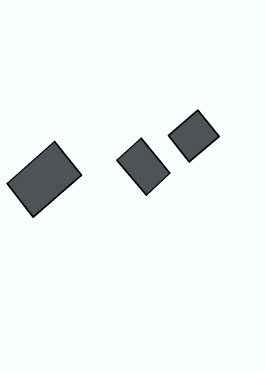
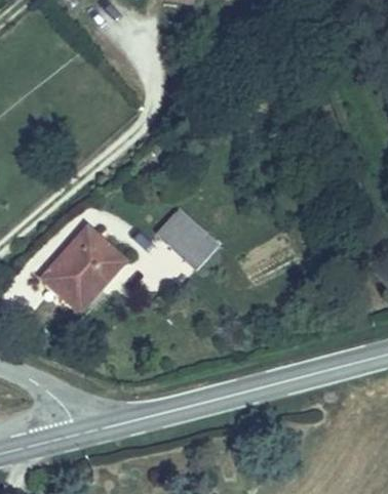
building: [169,110,219,162] -> none

